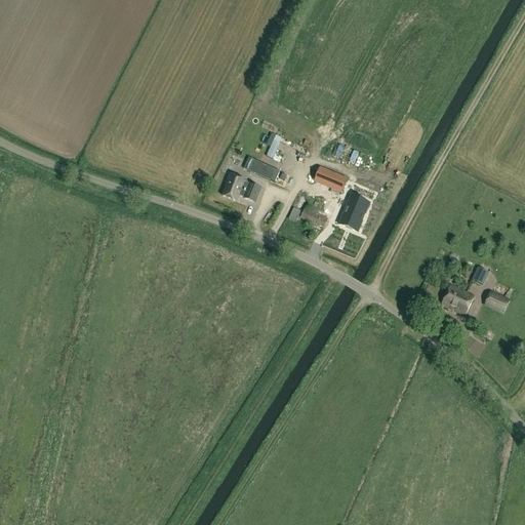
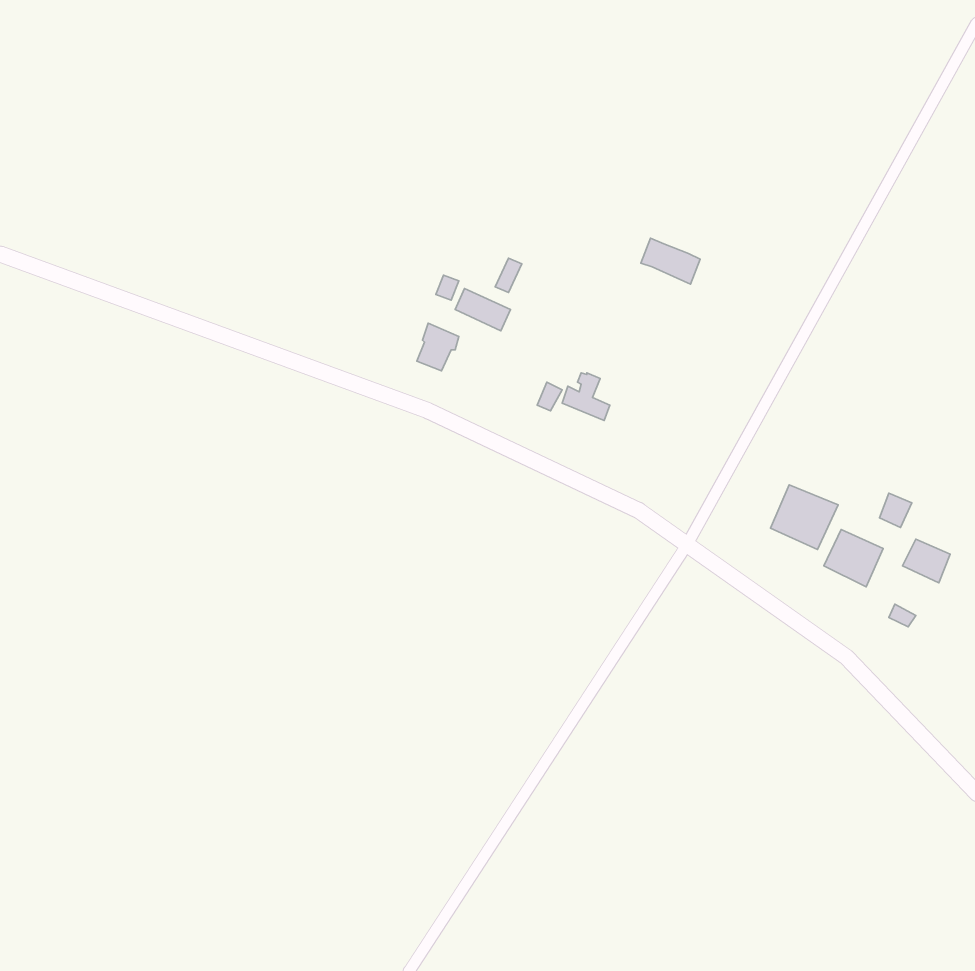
building: [316,166,348,191] -> [641,238,700,284]
building: [339,194,370,230] -> none
building: none -> [770,485,838,550]

